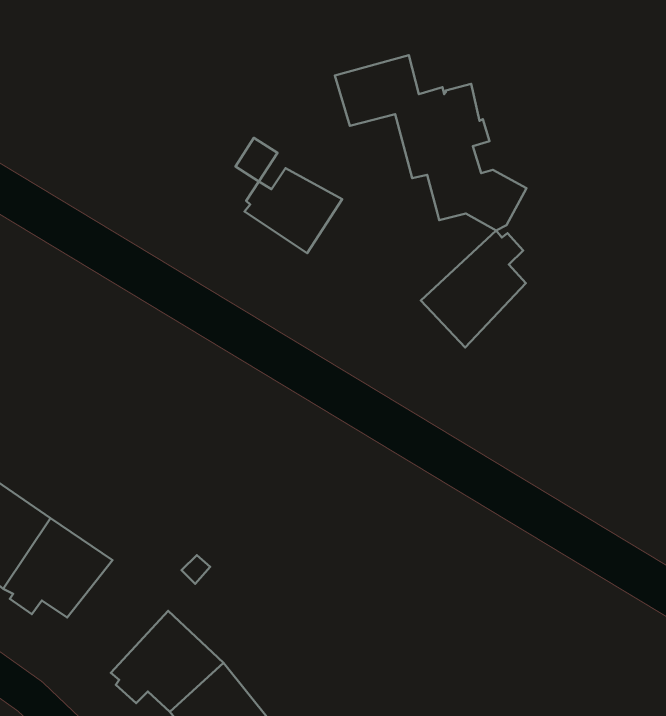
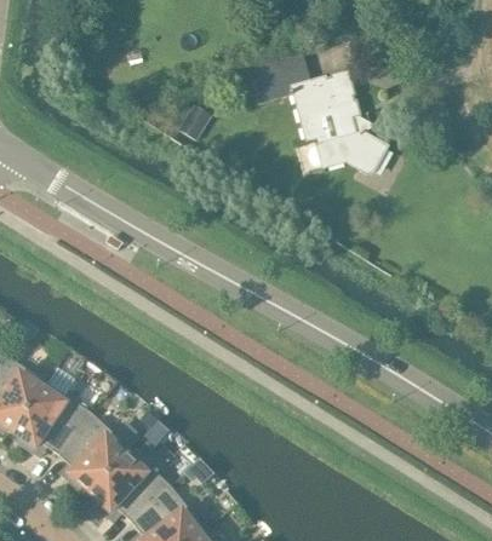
building: [245,168,342,253] -> none
building: [421,230,526,347] -> none
building: none -> [58,413,131,494]

